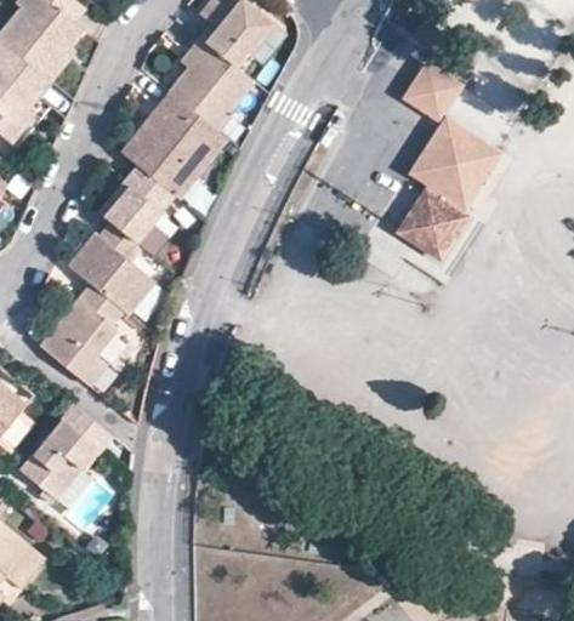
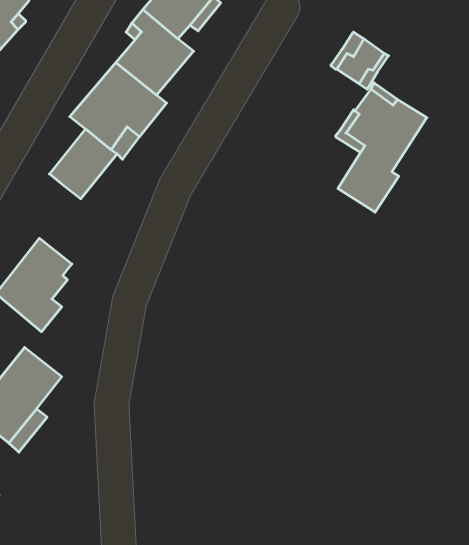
building: [67,224,152,314] -> none

